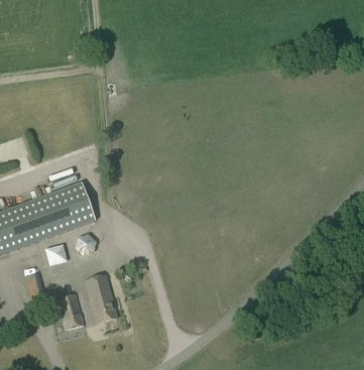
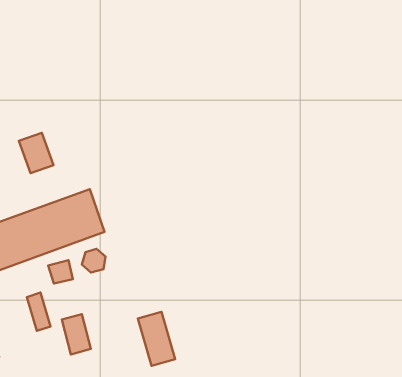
building: none -> [19,133,54,173]
building: [84,274,117,323] -> [138,312,175,366]

